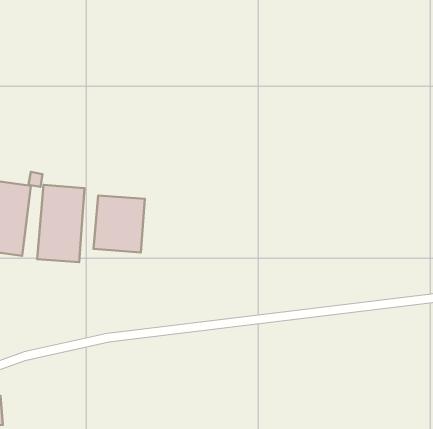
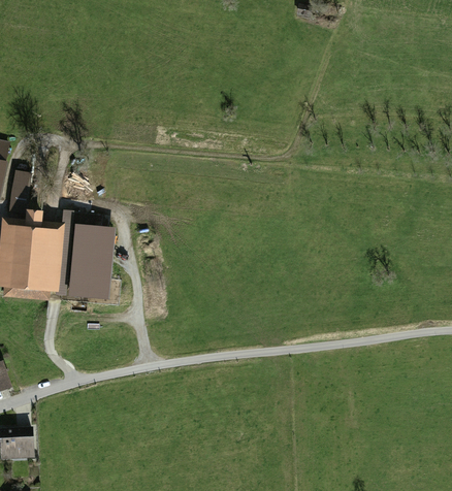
building: [93,195,145,253] -> none

